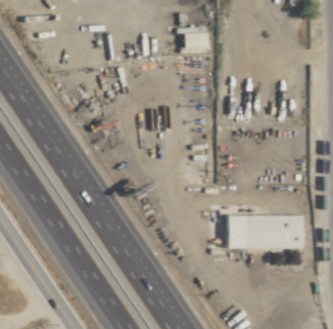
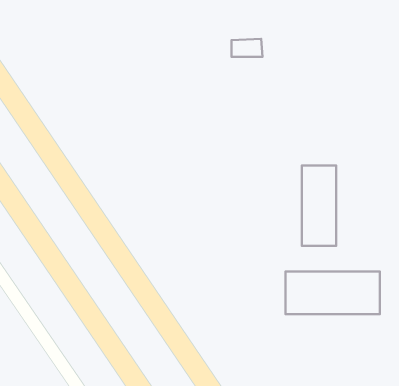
building: none -> [302,165,336,246]

